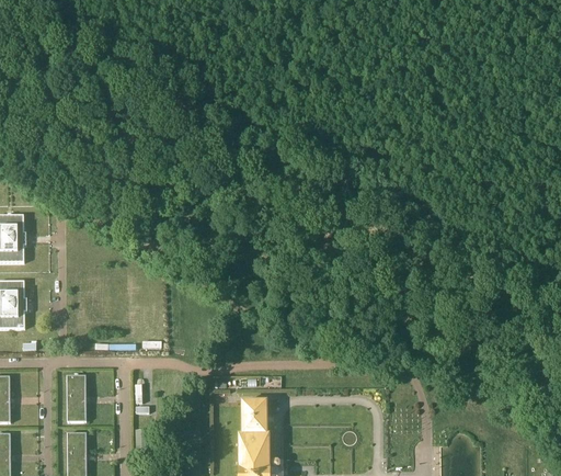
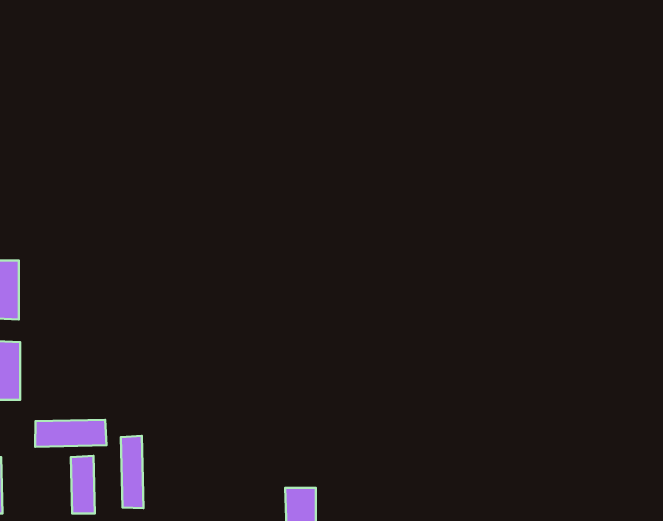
building: none -> [35,420,107,447]
building: none -> [121,436,143,508]

